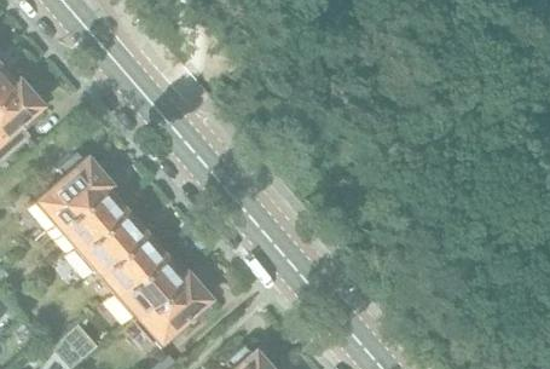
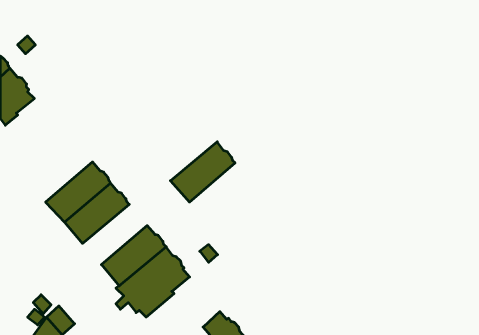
building: [36,148,108,221] -> none
building: [97,224,167,289] -> [170,142,235,202]

